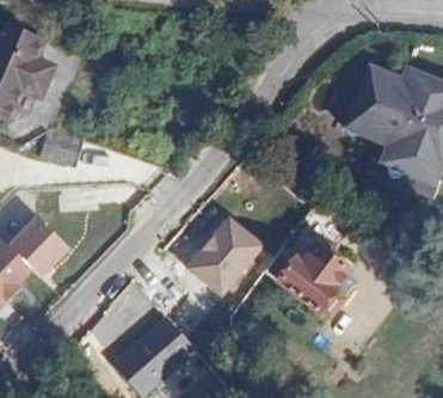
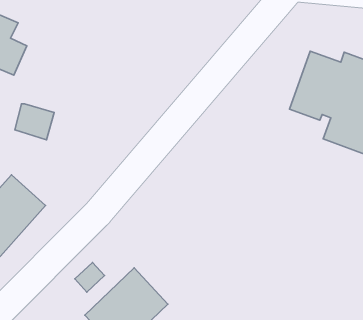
building: [190,210,272,298] -> none
building: [275,245,344,316] -> none

